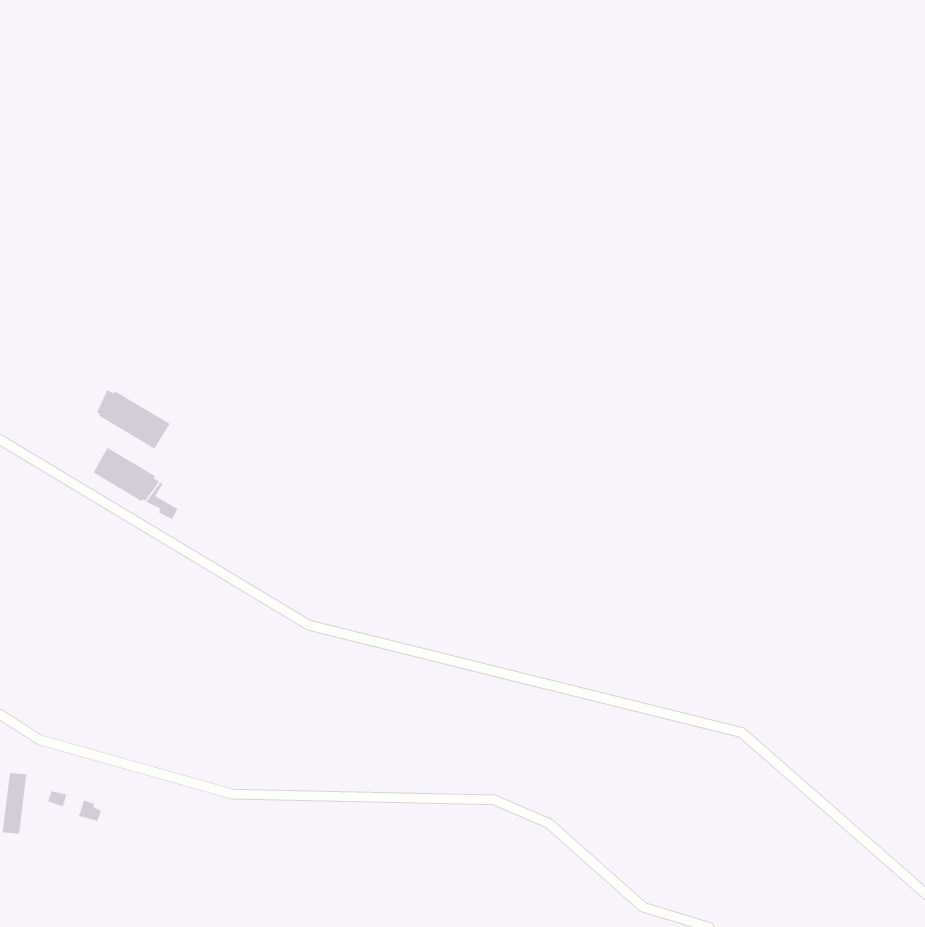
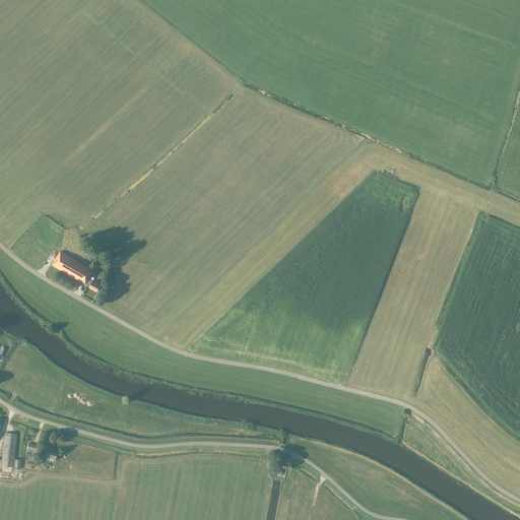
building: [96,389,171,450] -> none

